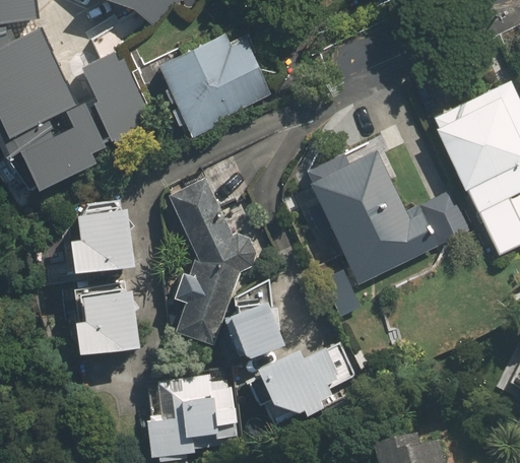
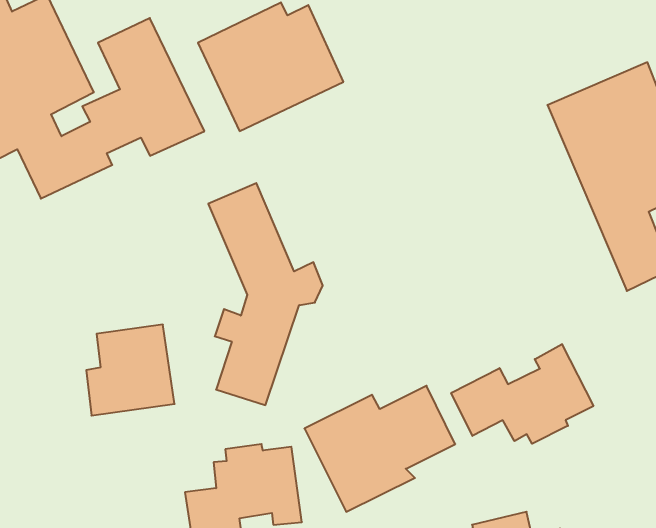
building: [310,150,445,286] -> none
building: [67,205,131,270] -> none
building: [228,292,286,355] -> none
building: none -> [451,344,593,444]

